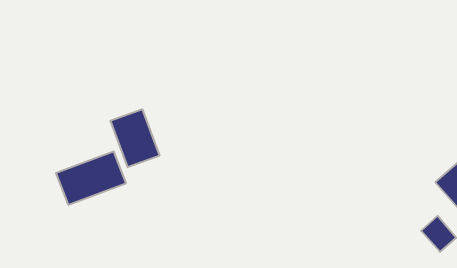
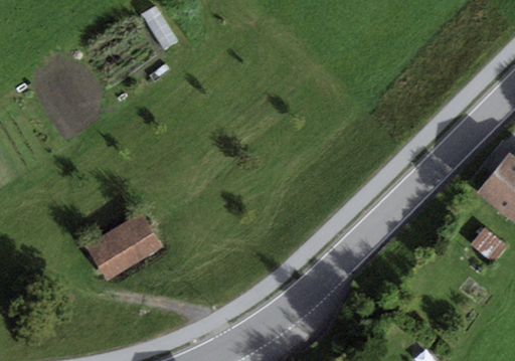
building: [110,109,159,167] -> none

